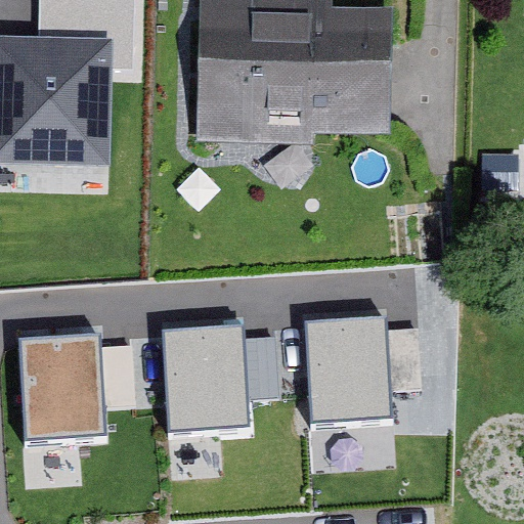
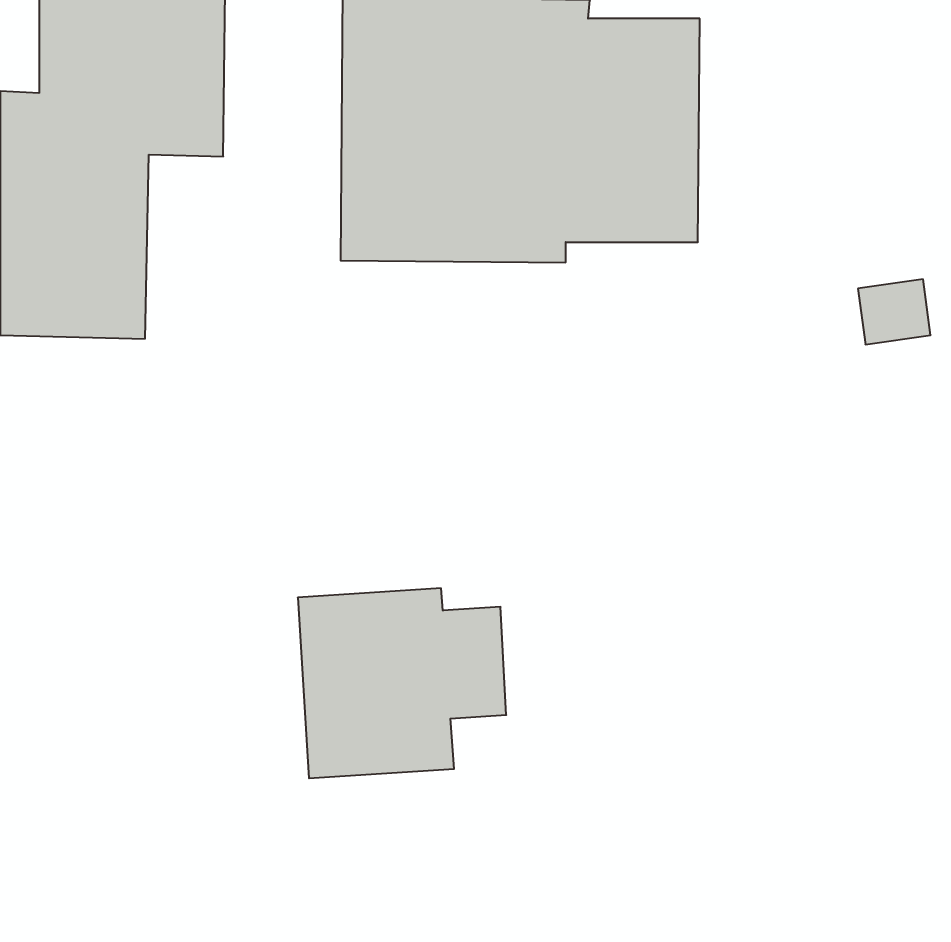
building: [306,316,423,422] -> none
building: [18,331,135,437] -> none

